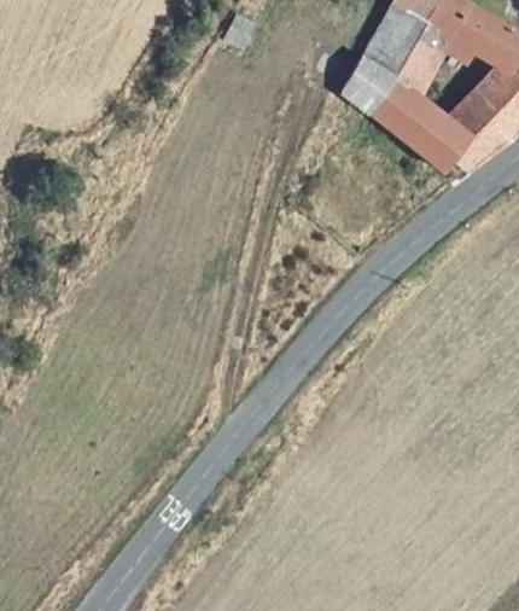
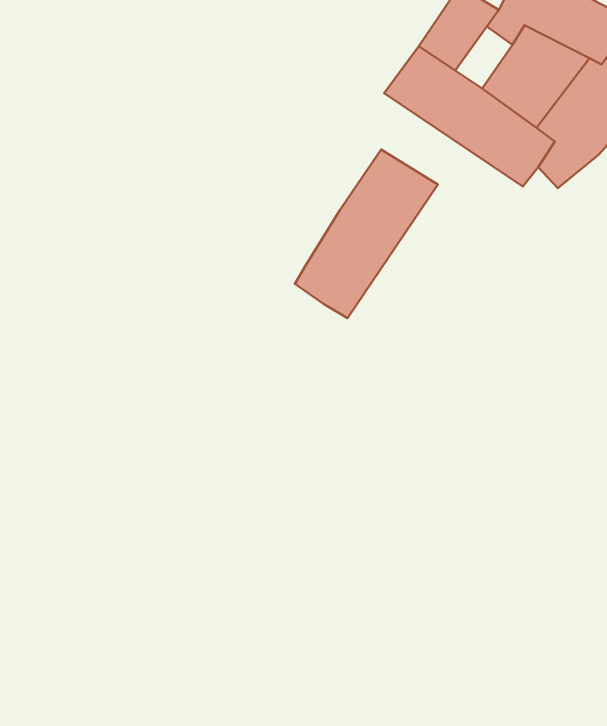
building: [391,39,437,88] -> none
building: none -> [295,150,438,318]

